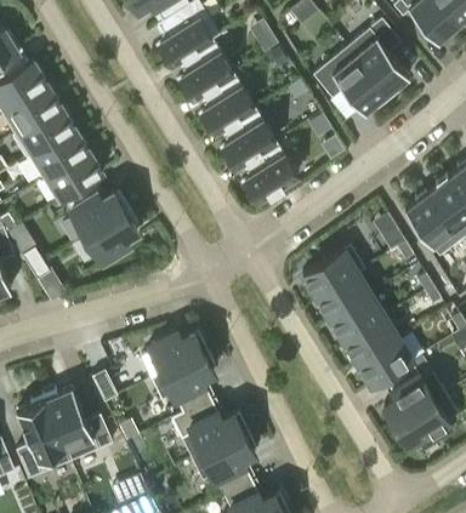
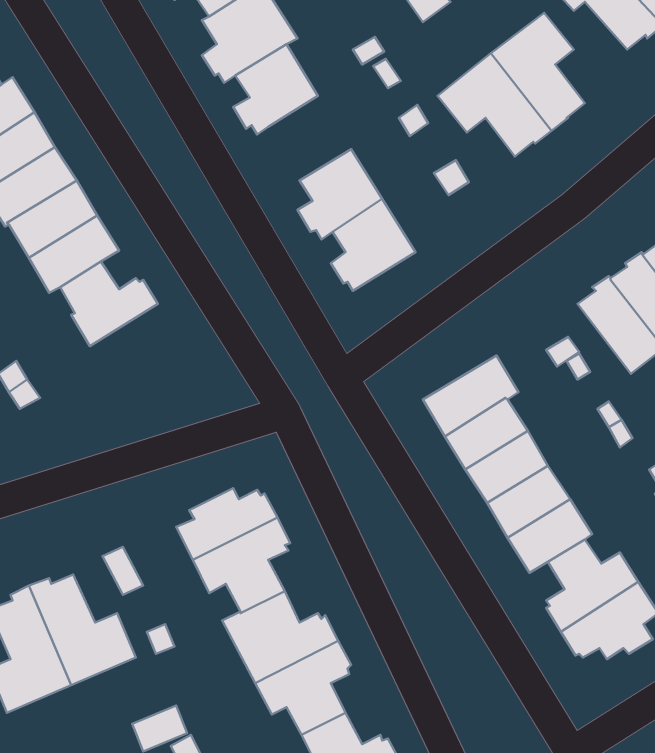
building: [199,74,255,133] -> none
building: [83,211,137,267] -> none

